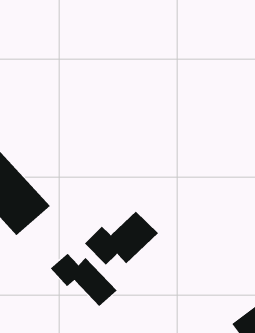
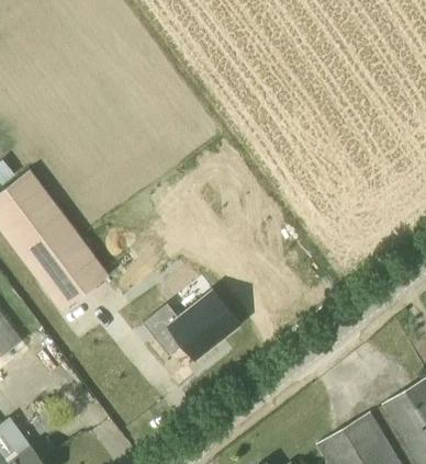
building: [50,253,117,307] -> none

